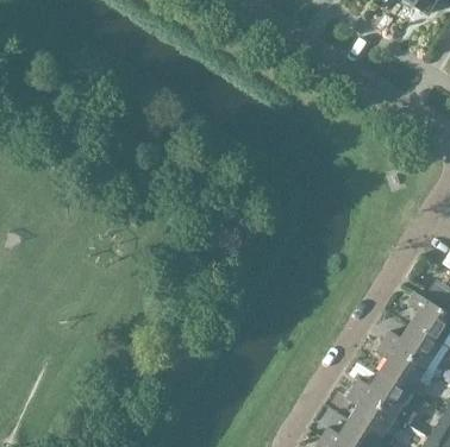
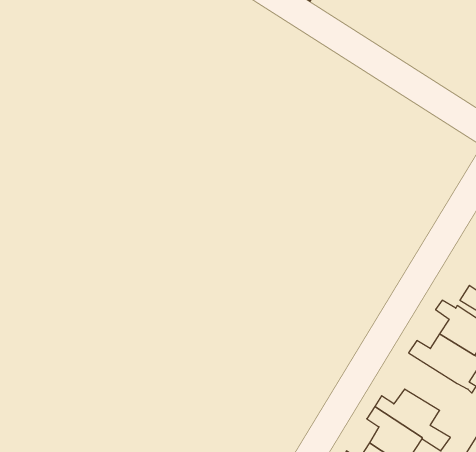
building: [376,340,435,391] -> none

